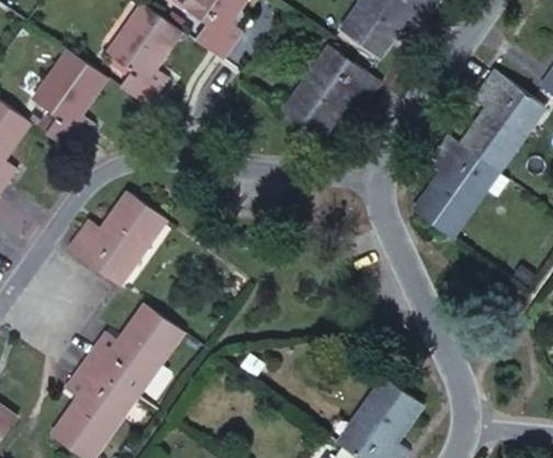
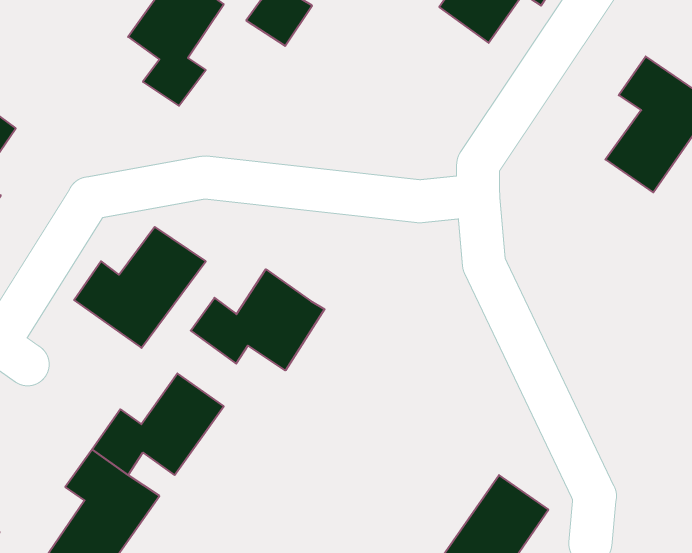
building: [280,48,377,139] -> none
building: [35,53,108,155] -> none
building: [416,135,496,236] -> none
building: none -> [191,269,325,370]

